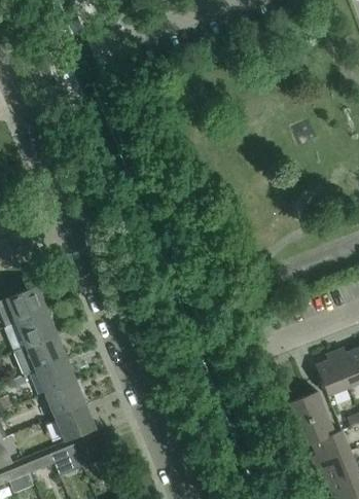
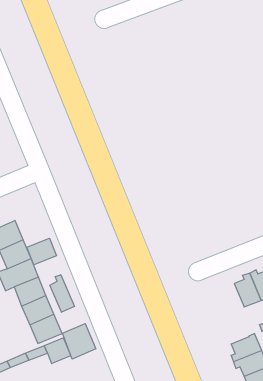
building: none -> [27,238,56,265]
building: none -> [50,275,74,312]
building: [284,391,333,447] -> none
building: none -> [63,324,96,359]

